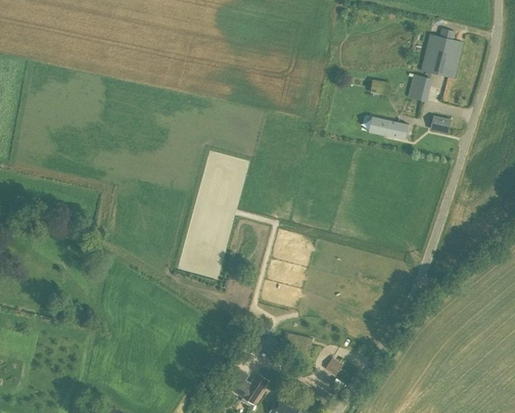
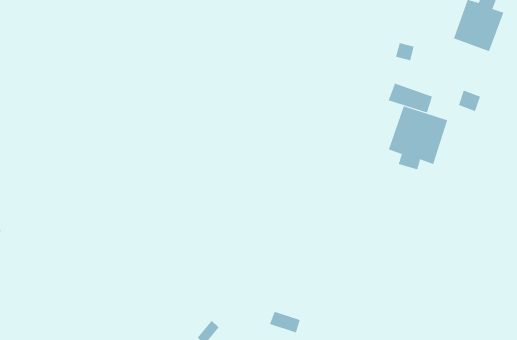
building: [411,72,433,99] -> none
building: none -> [388,105,448,170]

